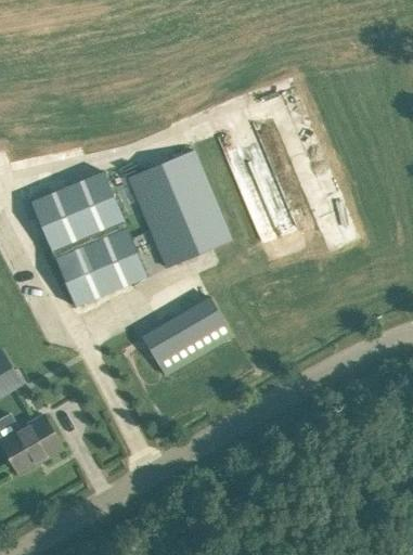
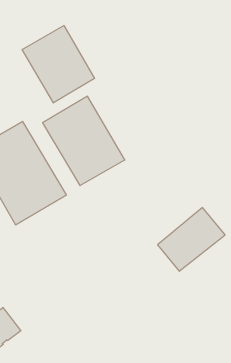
building: none -> [22,26,95,103]
building: [141,296,232,376] -> [158,208,225,271]

